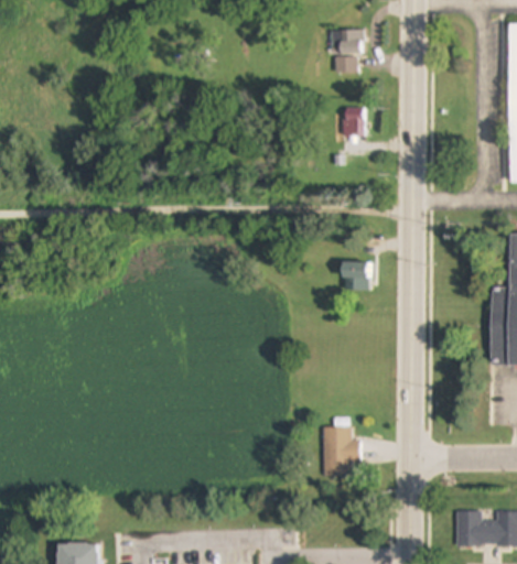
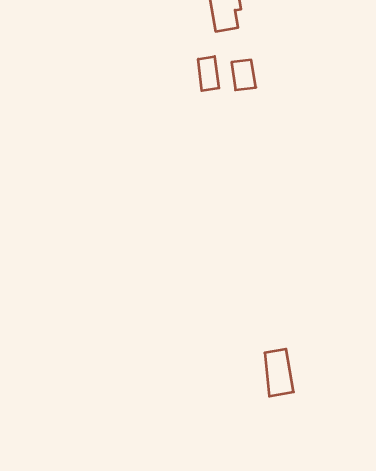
building: none -> [198,56,219,91]
building: [342,263,371,292] -> none

